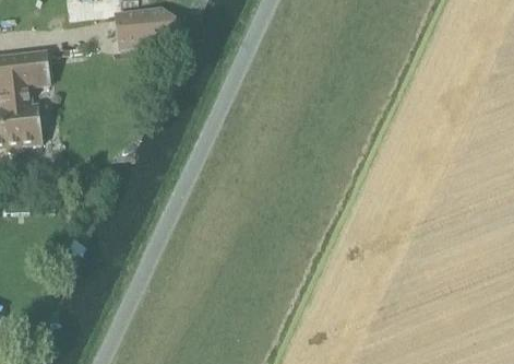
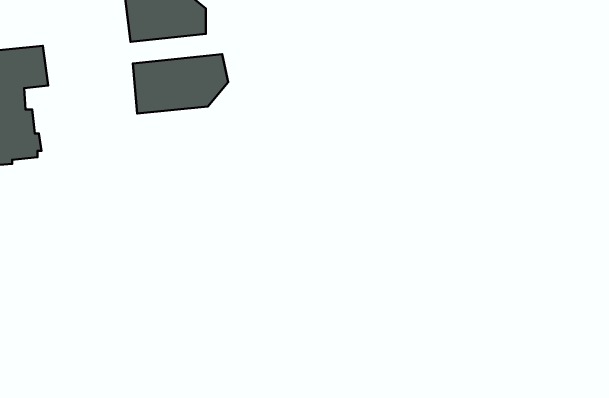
building: none -> [133,54,228,114]

